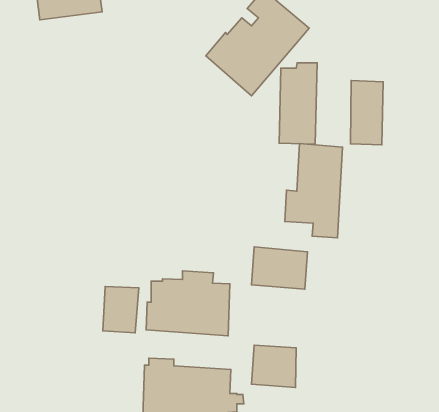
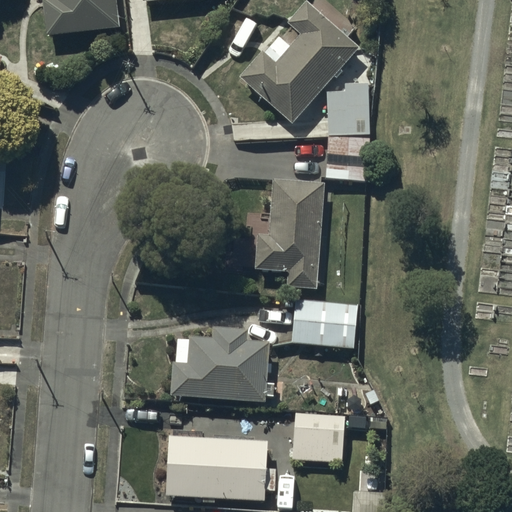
building: [350,81,383,145] -> none
building: [285,144,343,238] -> [255,179,322,288]
building: [103,286,139,333] -> none

